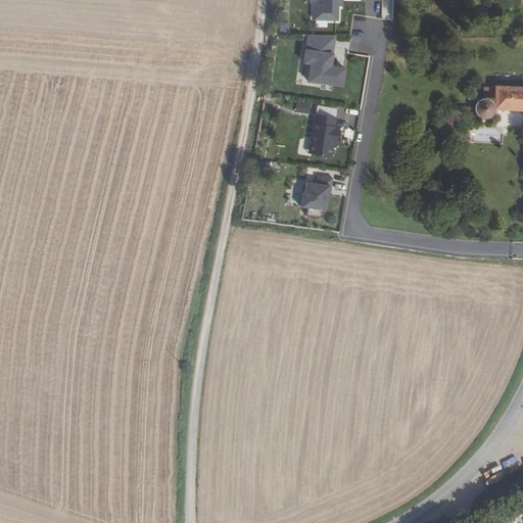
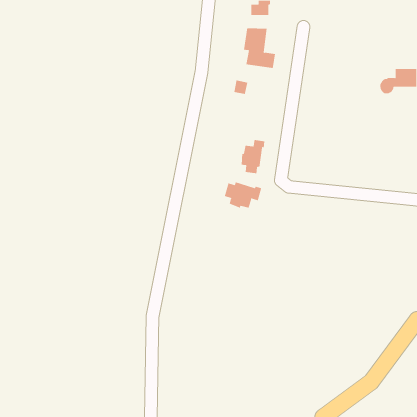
building: [310,114,338,157] -> none
building: none -> [224,182,262,208]

